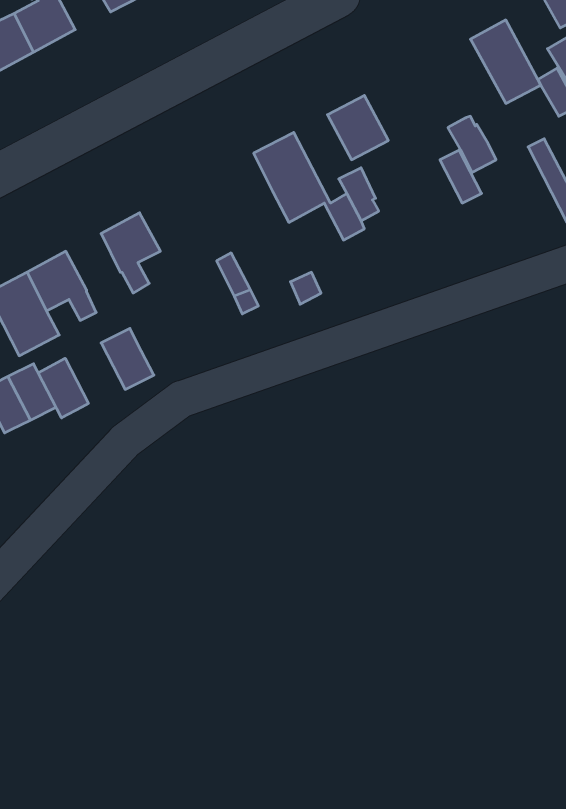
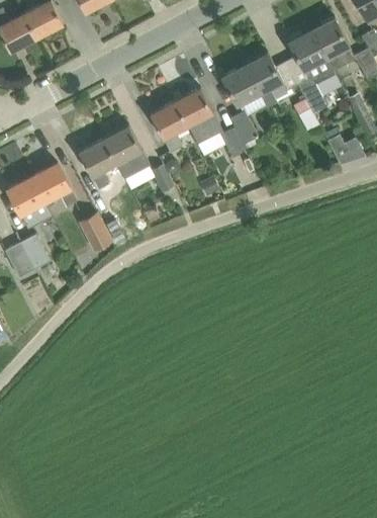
building: none -> [288,29,335,84]
building: none -> [245,53,292,107]
building: none -> [150,101,187,152]
building: none -> [103,125,150,178]
building: none -> [327,135,364,163]
building: [38,358,88,418] -> none

